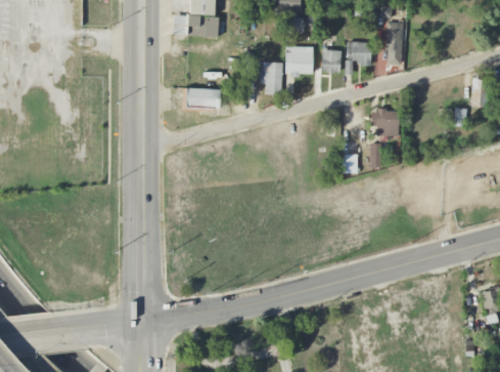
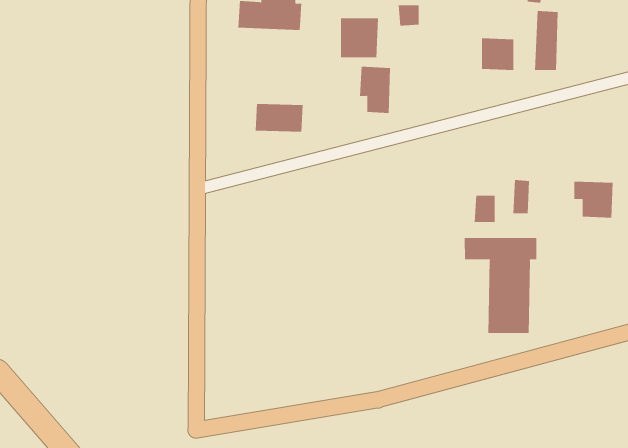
building: [285,46,313,75] -> [340,18,379,58]
building: [321,49,340,73] -> none
building: [370,110,399,136] -> [573,181,613,218]
building: none -> [464,237,537,334]

